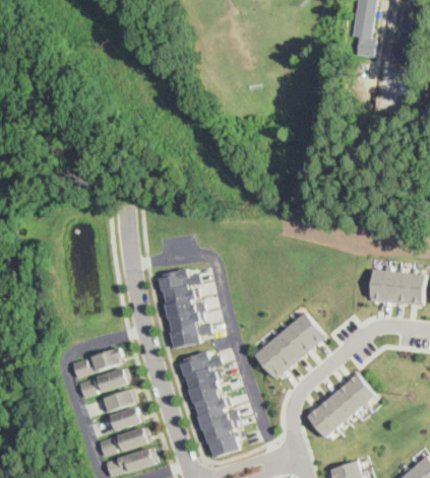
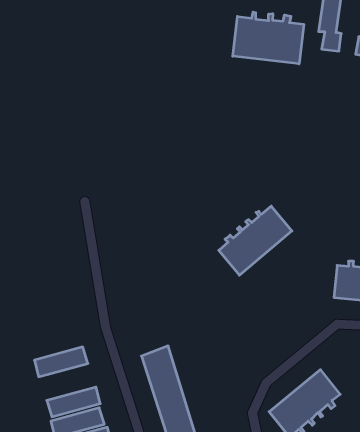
building: none -> [233,12,304,64]
building: [161,268,201,348] -> none
building: [253,312,325,380] -> [219,206,292,275]
building: [78,368,131,398] -> none

